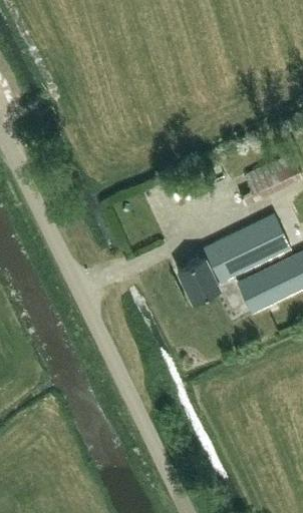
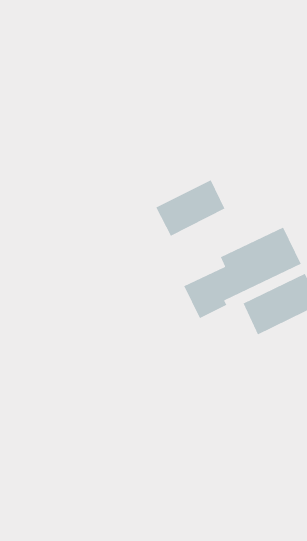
building: none -> [155,179,225,237]

